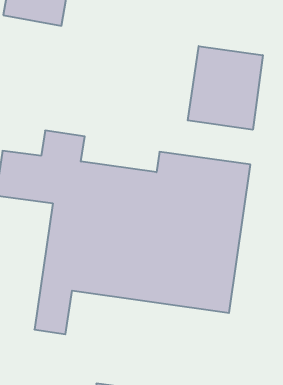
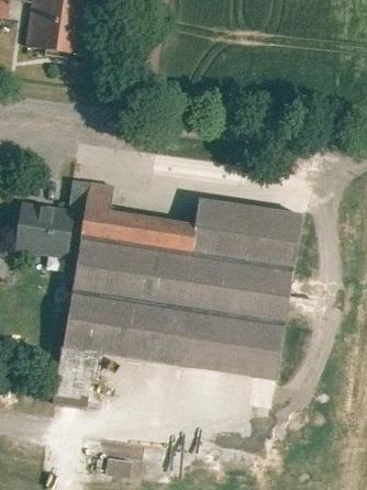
building: [188,46,263,130] -> none

